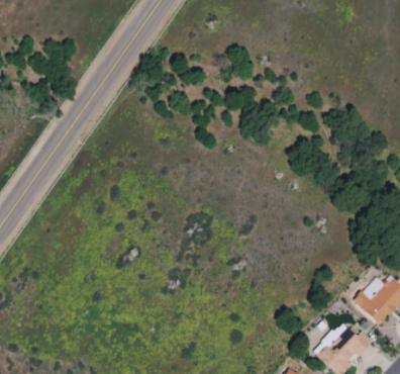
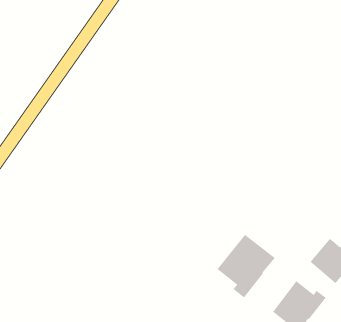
building: none -> [216,234,276,299]

